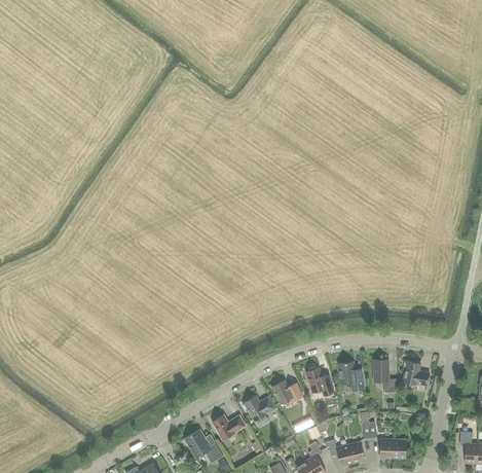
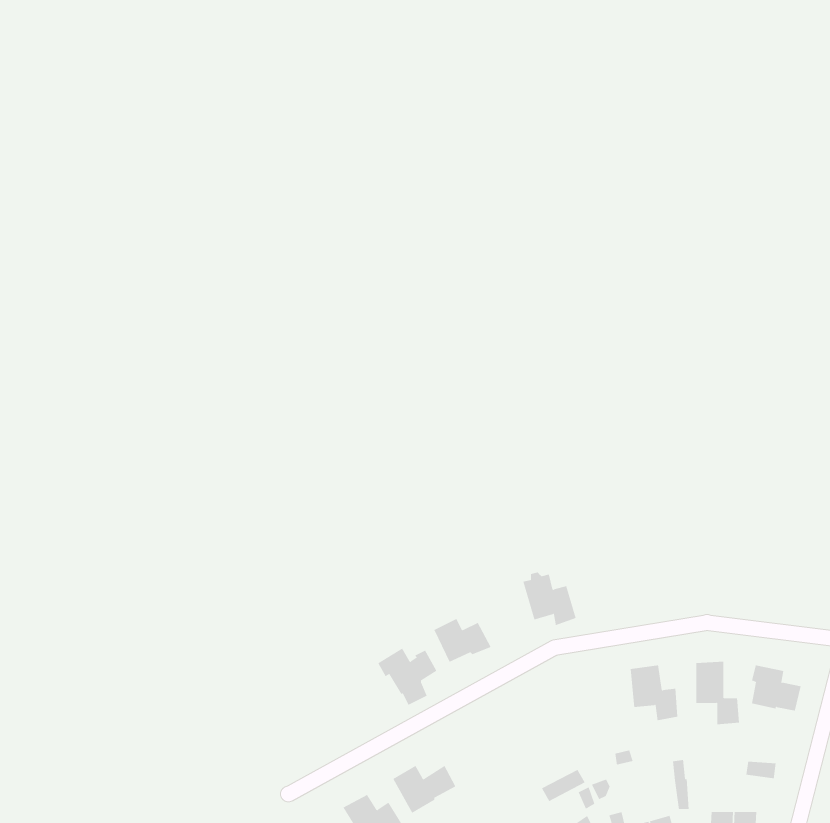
building: [305,366,334,395] -> [522,572,576,626]
building: [272,379,303,403] -> [434,618,492,663]
building: [243,395,274,426] -> [377,648,437,706]

